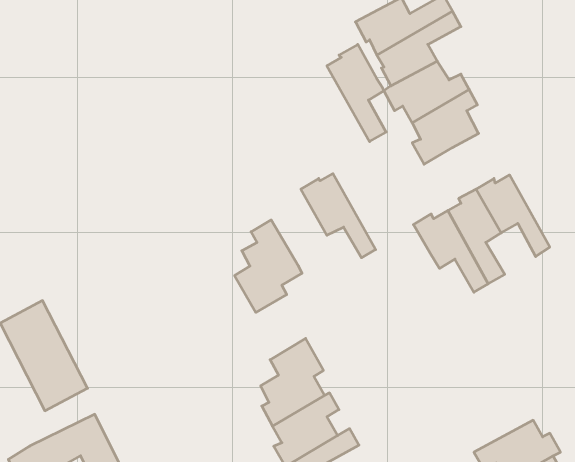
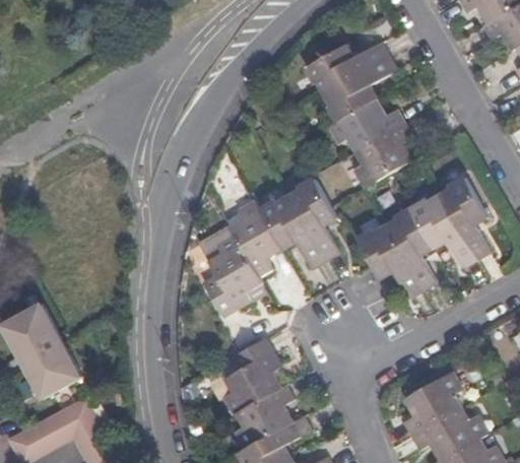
building: [327,44,386,142] -> [287,177,338,260]
building: none -> [439,177,488,258]
building: none -> [230,200,282,274]
building: none -> [401,373,459,434]

